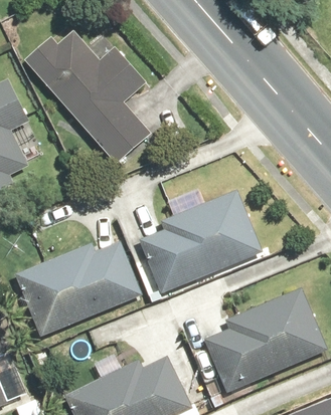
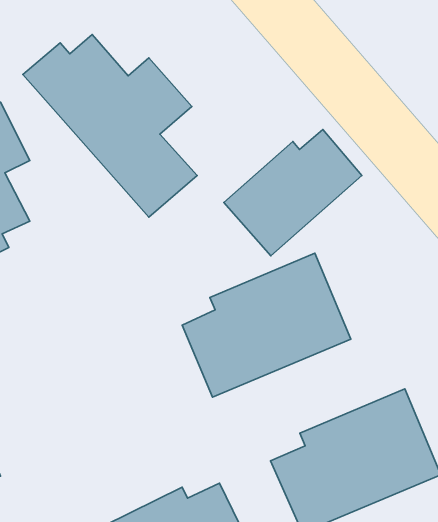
building: none -> [224,130,362,256]
building: [14,240,143,337] -> none

